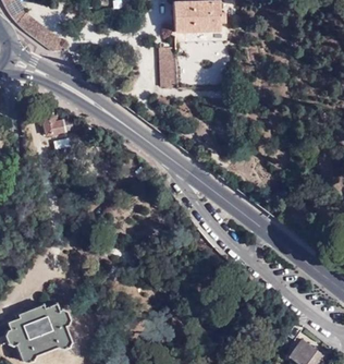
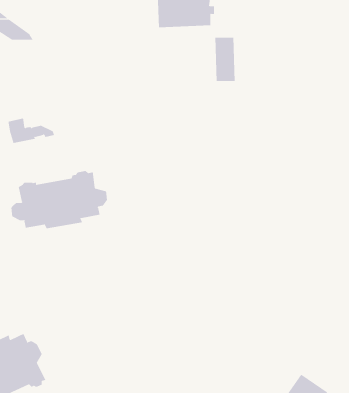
building: [159,48,177,87] -> [215,37,235,82]
building: none -> [11,170,108,229]

